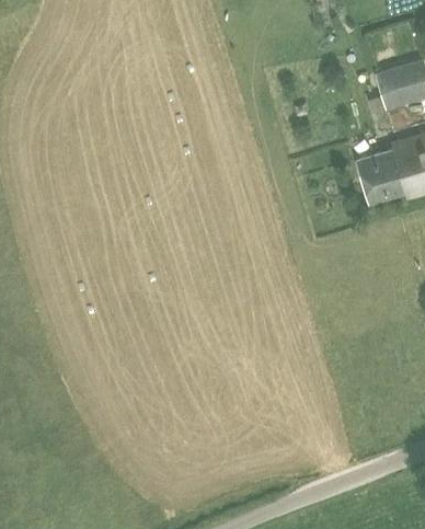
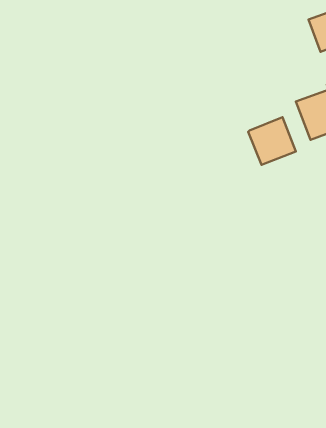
building: none -> [248,117,296,165]

